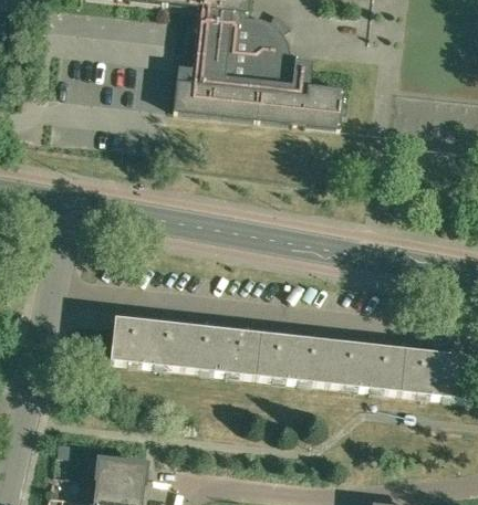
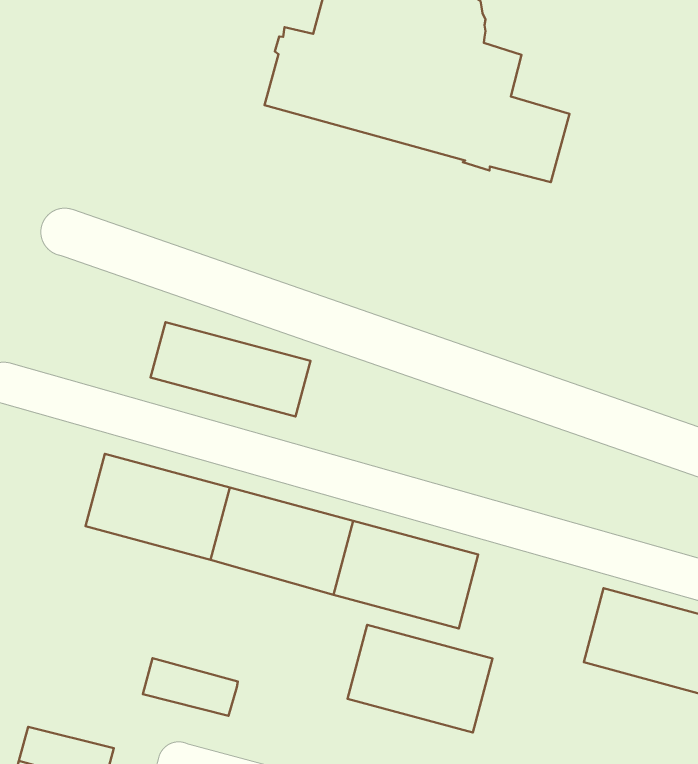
building: none -> [151,322,310,416]
building: [326,339,404,390] -> [348,625,492,732]
building: [94,454,146,480] -> [143,658,238,716]

